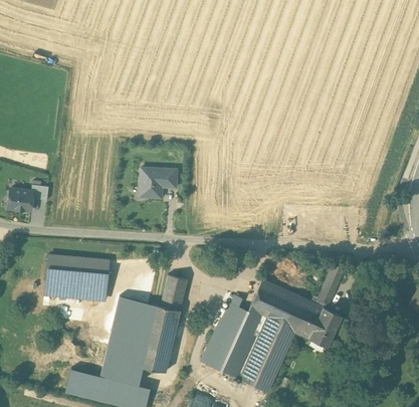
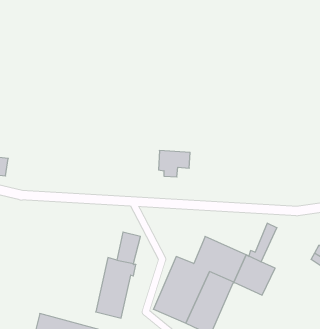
building: [140,169,176,199] -> [159,151,190,177]
building: [44,257,109,297] -> none
building: [103,298,150,381] -> none

